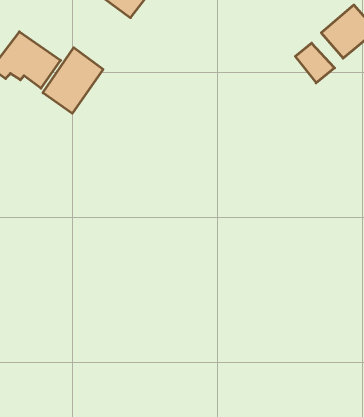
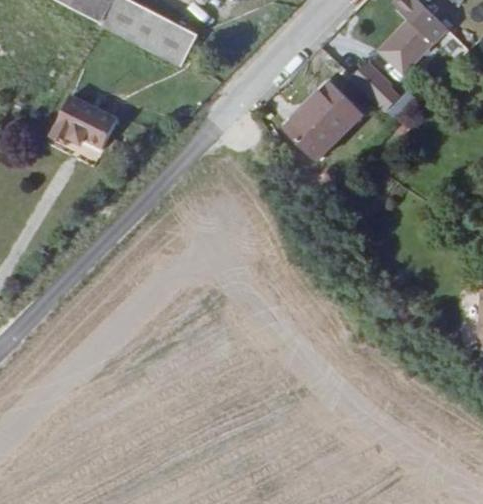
building: [43,48,103,113] -> none
building: none -> [294,83,367,159]

